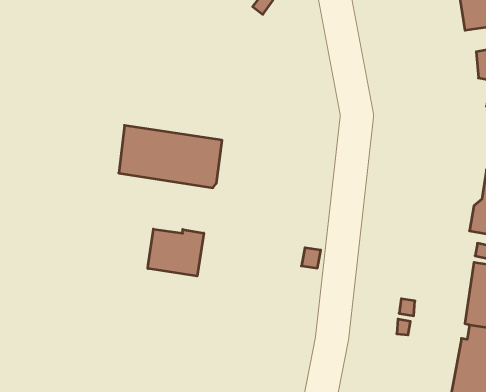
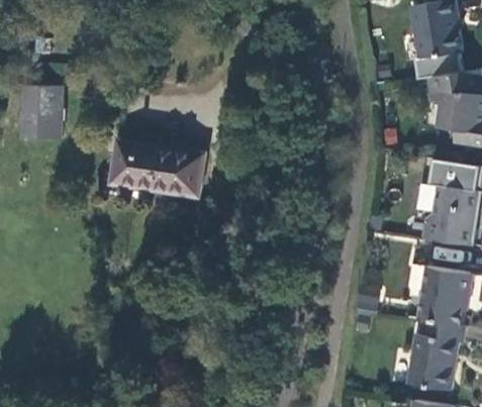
building: none -> [26,87,65,140]
building: [148,229,204,276] -> none

